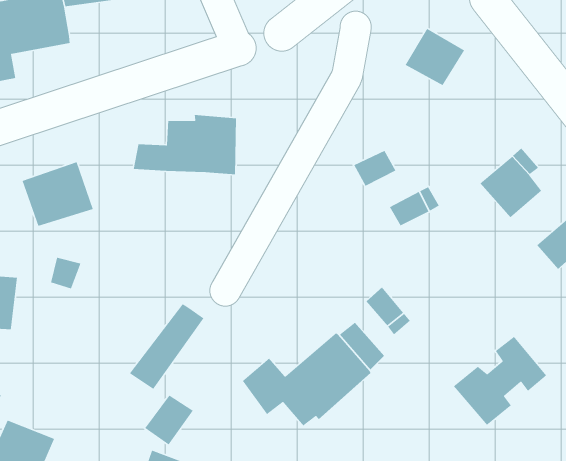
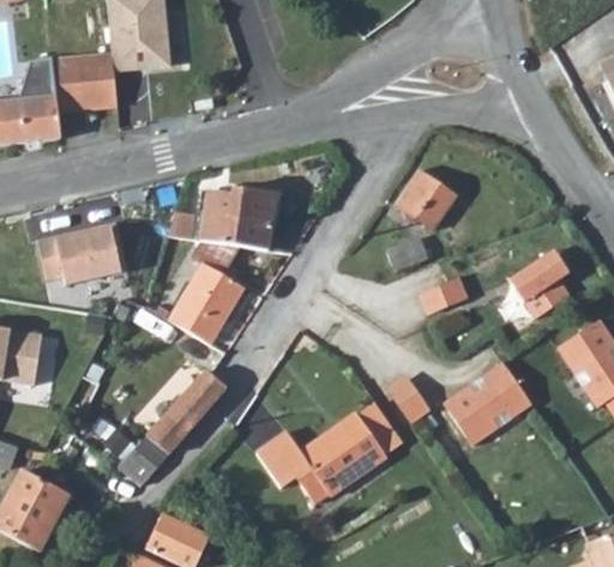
building: [404,28,465,86] -> [393,170,455,229]
building: none -> [168,241,242,345]
building: [453,336,547,426] -> [440,358,534,445]
building: [144,394,194,446] -> [118,436,168,487]

